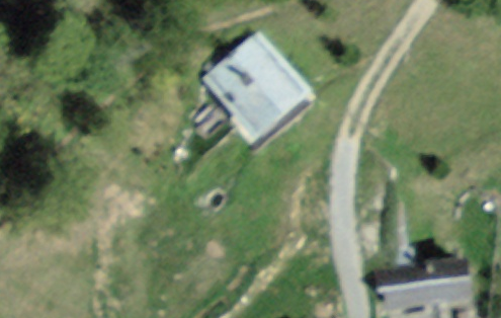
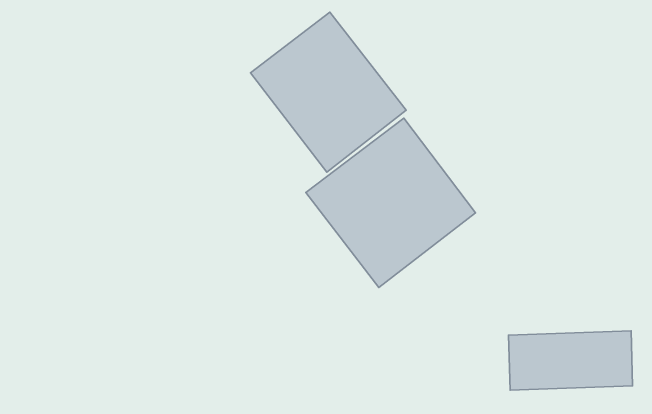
building: none -> [306,118,475,287]

